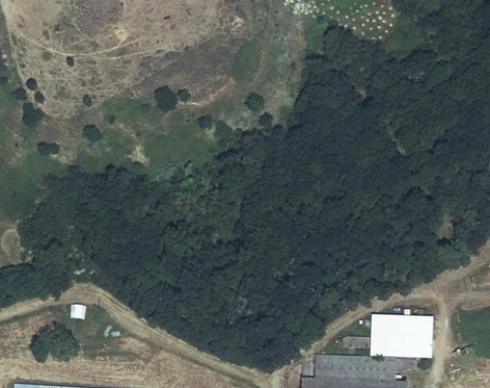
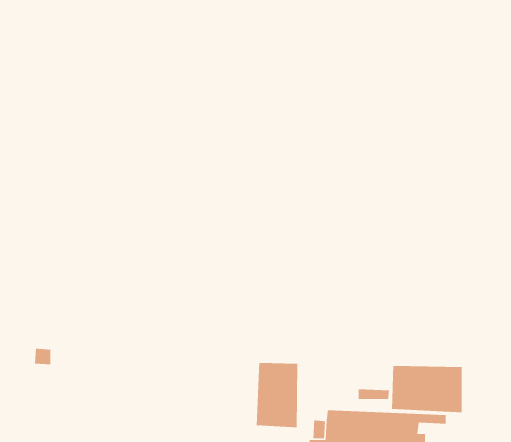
building: none -> [256,362,298,428]

